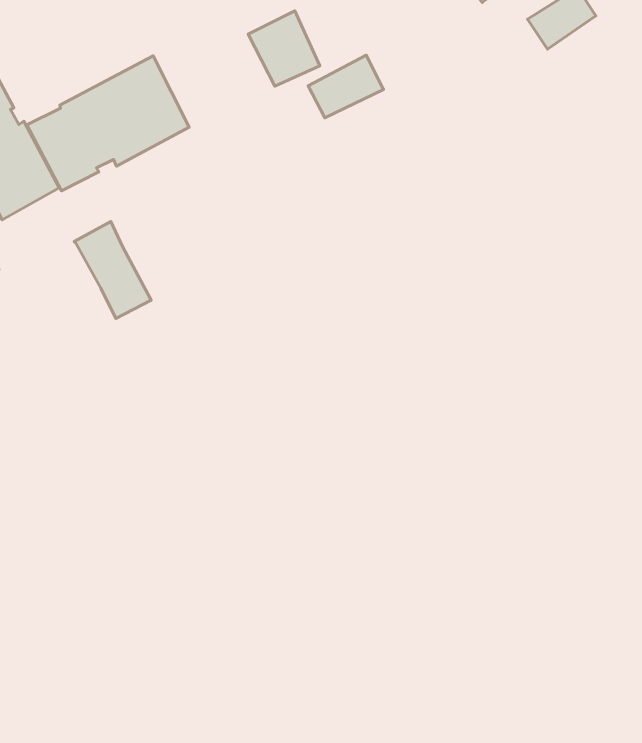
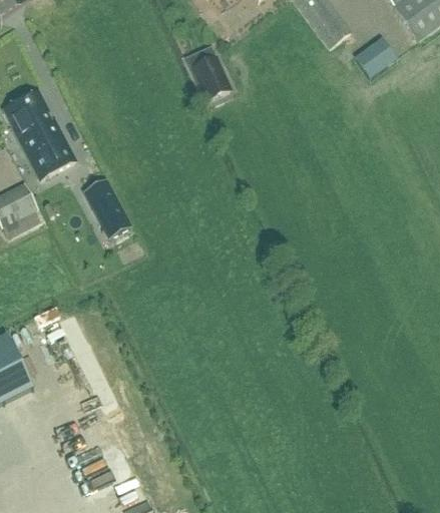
building: [308,55,383,118] -> none
building: [27,56,189,191] -> none

